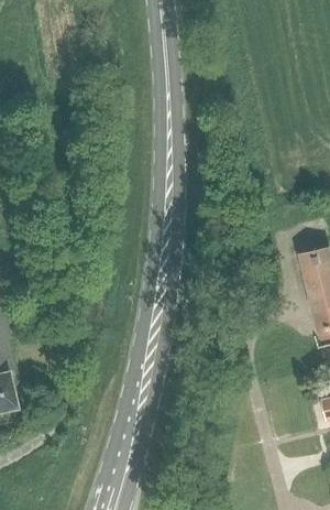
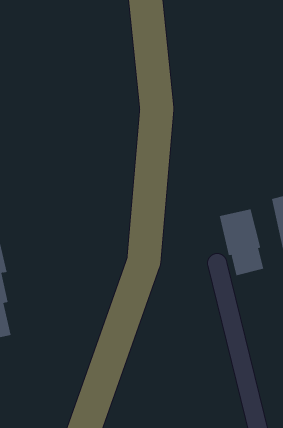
building: none -> [219,209,264,276]

